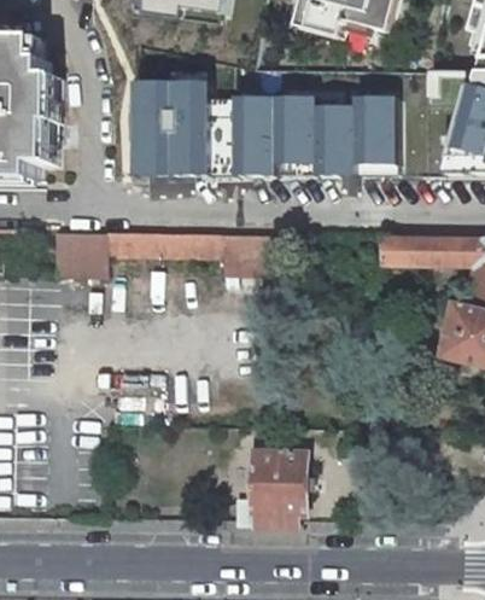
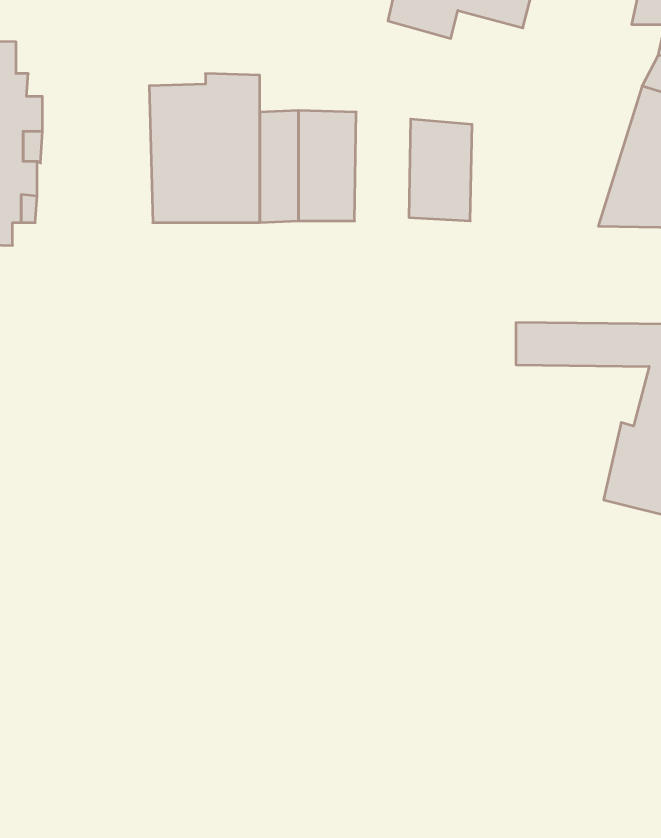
building: [351,91,393,168] -> none
building: [271,92,310,167] -> none
building: [53,233,281,279] -> none
building: [234,453,305,530] -> none

